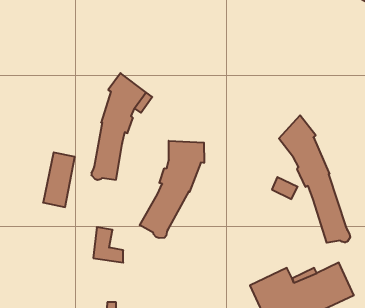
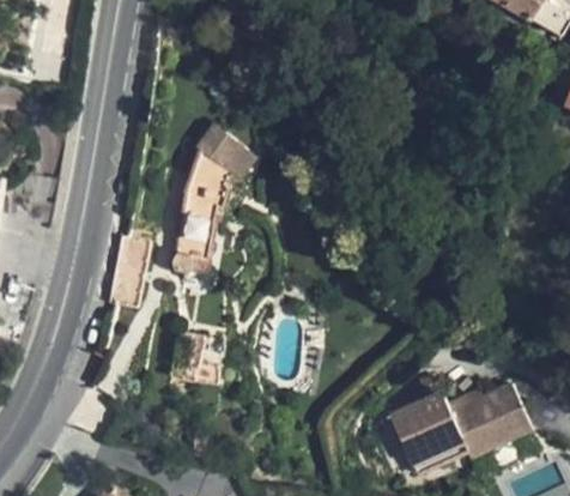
building: [279,115,350,243] -> none
building: [140,141,204,238] -> none

